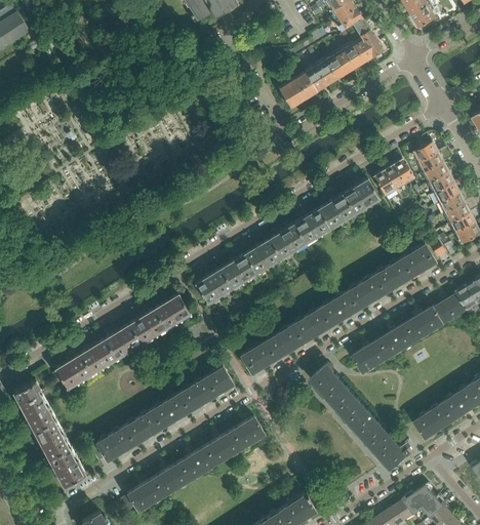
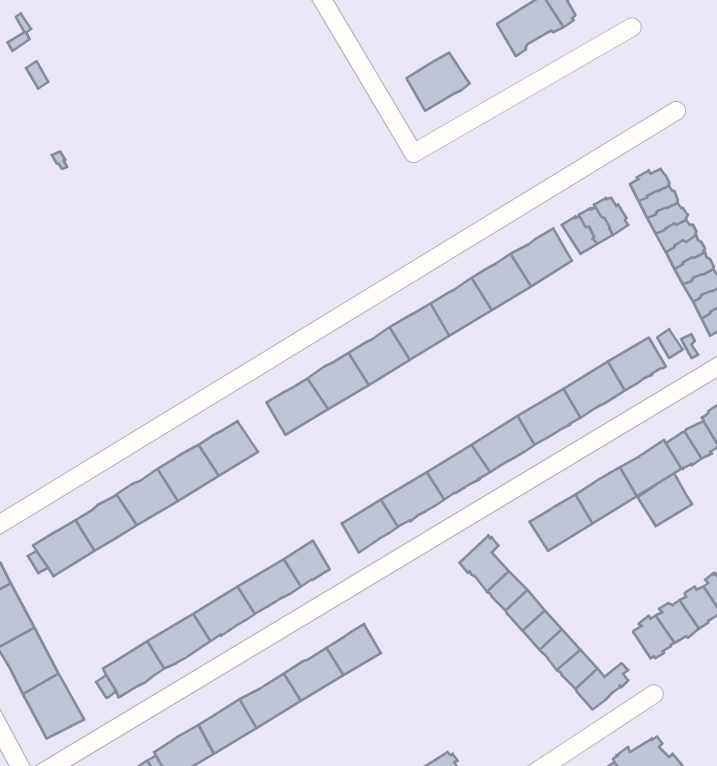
building: [305,56,345,92] -> none
building: none -> [637,473,692,526]

